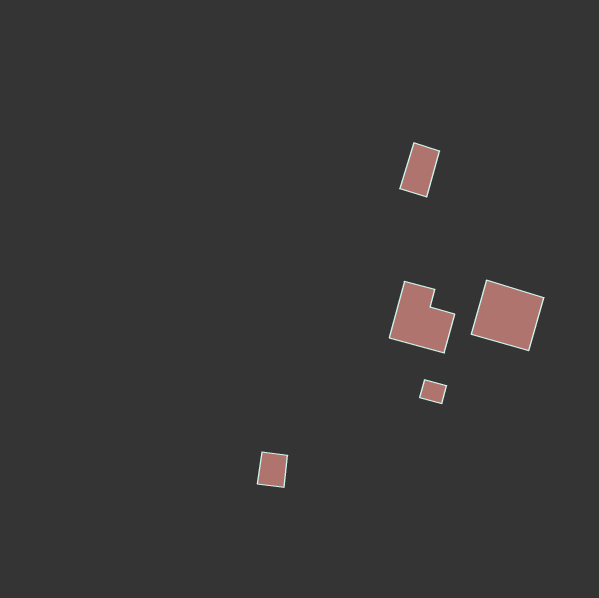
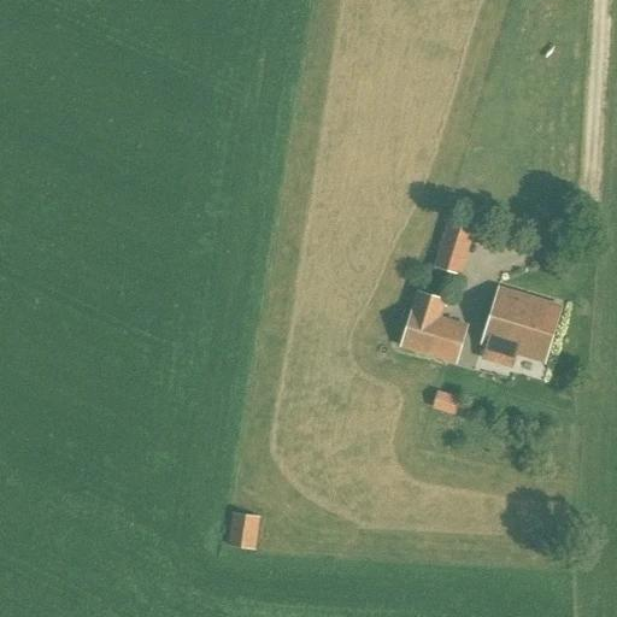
building: [400,143,440,197] -> [434,218,475,274]
building: [257,452,288,487] -> [228,512,259,548]

